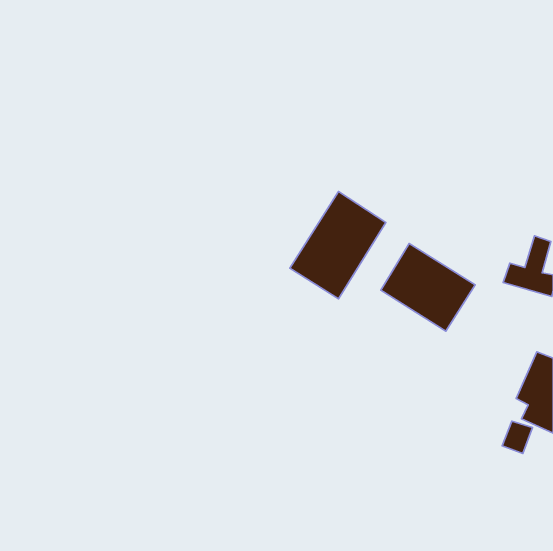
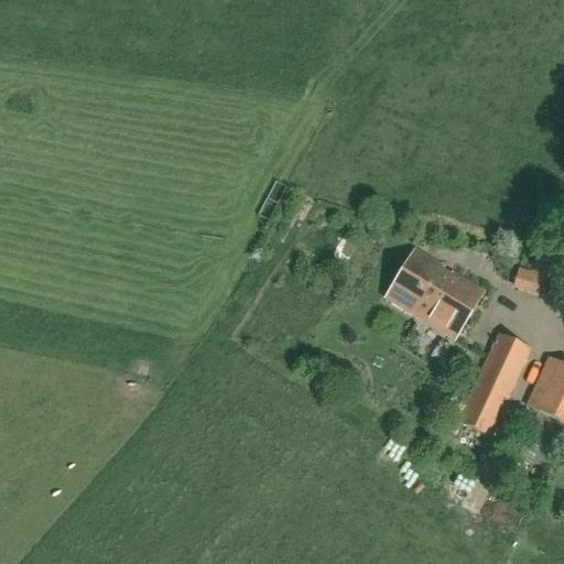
building: [290,191,386,299] -> none
building: none -> [458,334,531,435]

